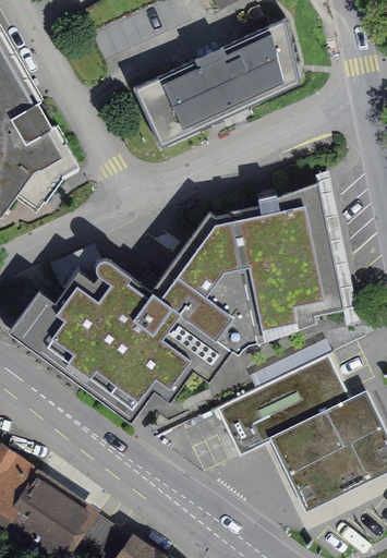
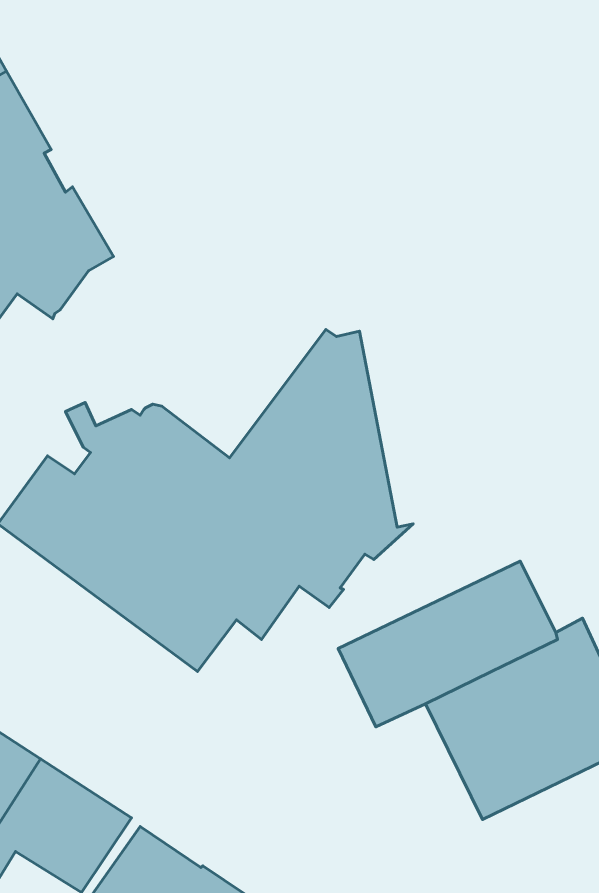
building: [133,16,301,146] -> none
building: [230,190,346,331] -> none

